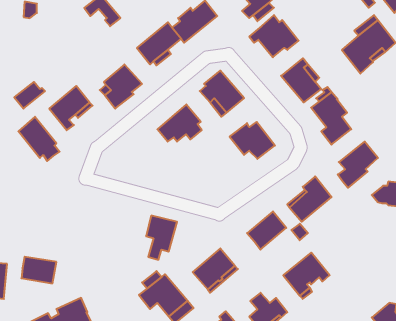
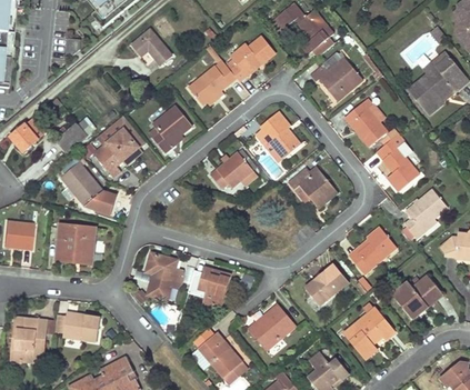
building: none -> [56,223,94,263]
building: none -> [143,251,183,300]
building: none -> [394,274,443,317]

